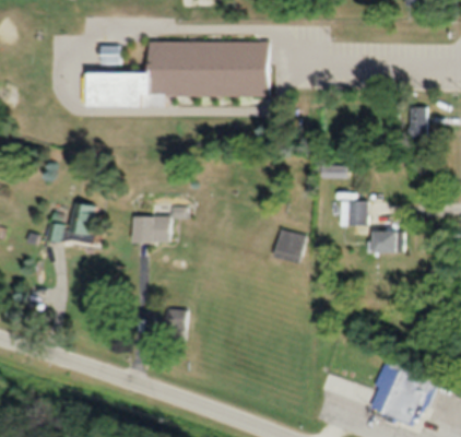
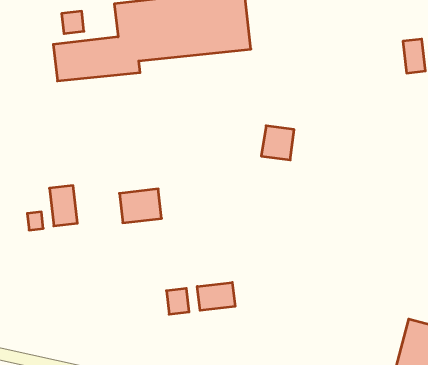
building: [341,200,369,224] -> none
building: [272,228,305,262] -> [261,126,294,160]
building: [369,228,405,251] -> none
building: none -> [197,282,235,310]

